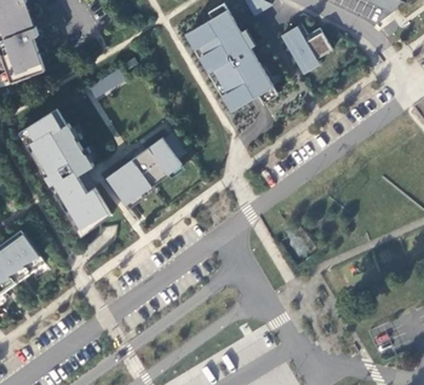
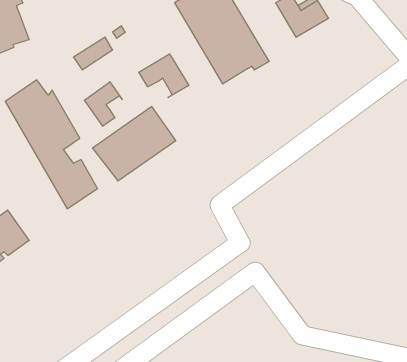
building: none -> [139,54,189,97]
building: none -> [84,82,122,126]

